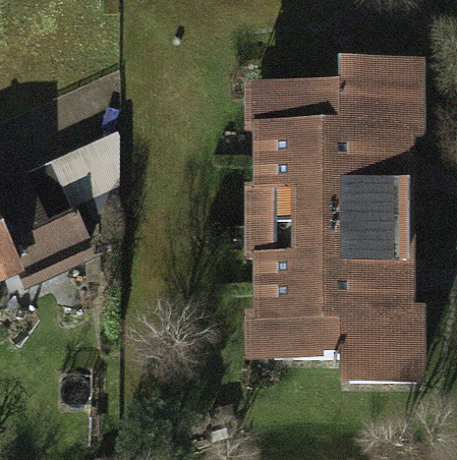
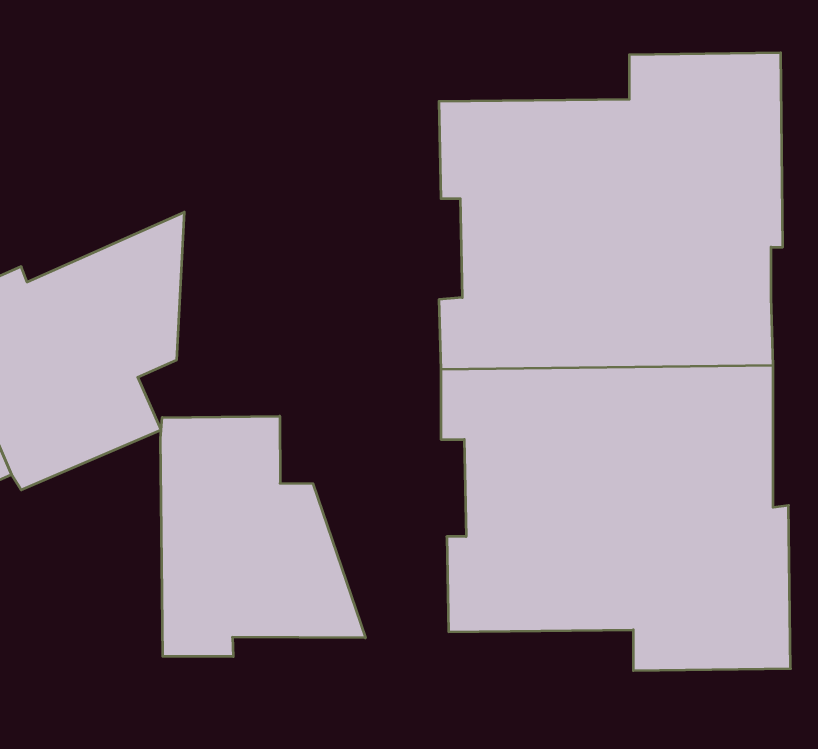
building: none -> [160,416,365,657]

